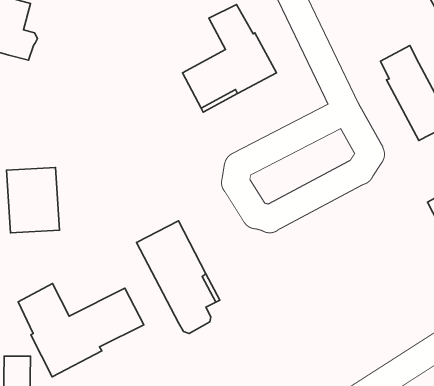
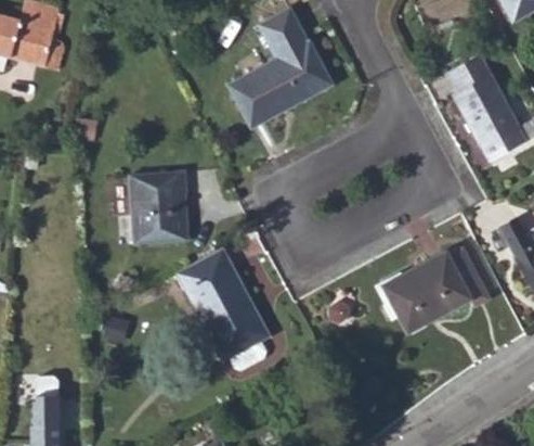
building: [7,167,59,233] -> [130,171,188,244]
building: none -> [381,246,493,333]
building: [18,283,144,377] -> none

